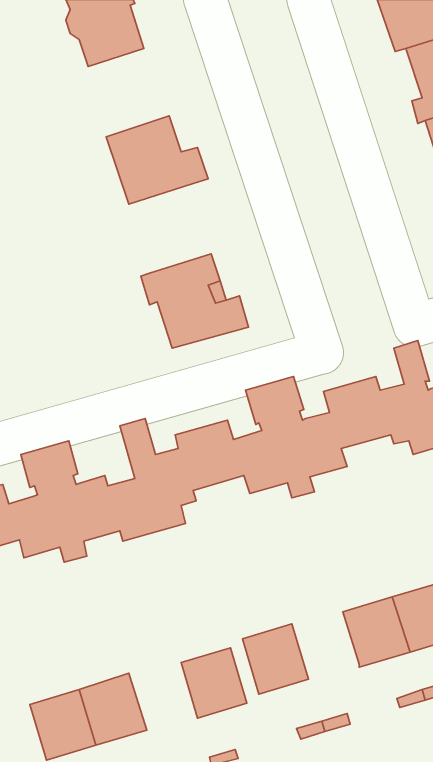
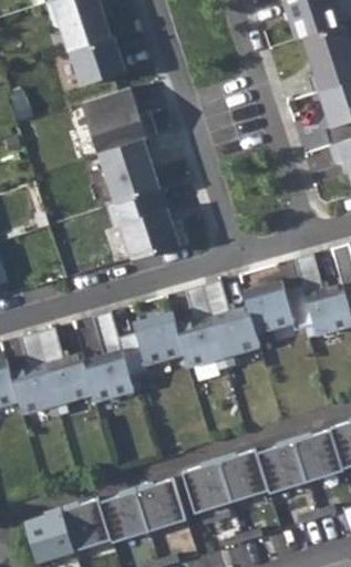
building: none -> [69,35,125,85]
building: none -> [99,136,159,203]
building: none -> [219,451,269,503]
building: none -> [100,491,149,544]

